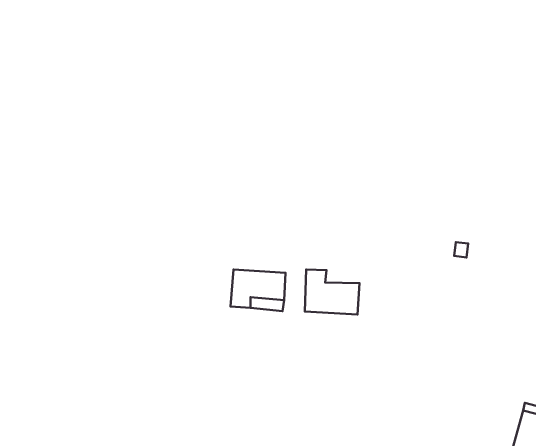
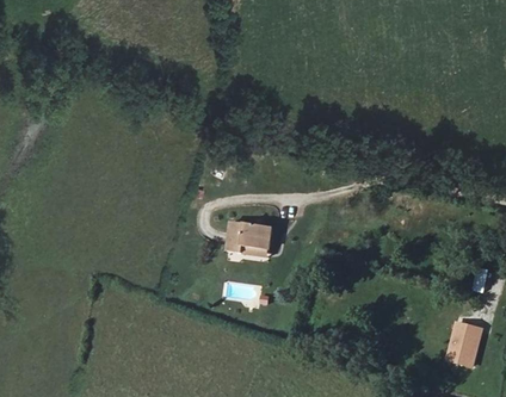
building: [305,269,359,315] -> none

